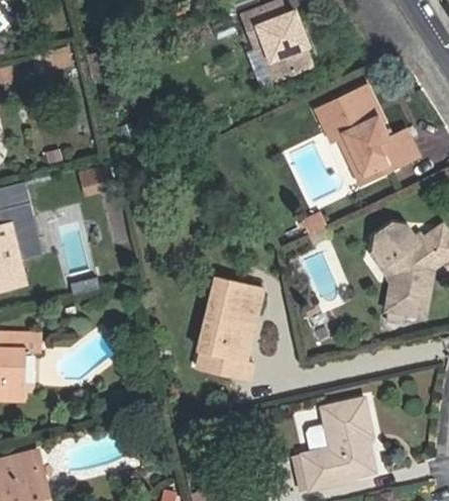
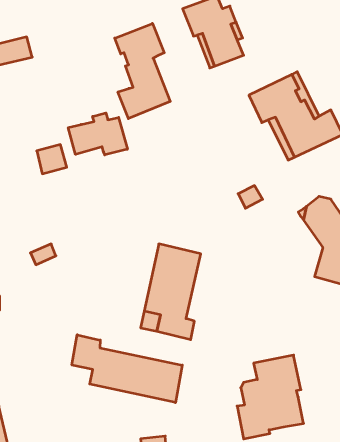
building: none -> [115,23,170,119]
building: none -> [68,113,127,155]
building: none -> [72,335,182,403]

